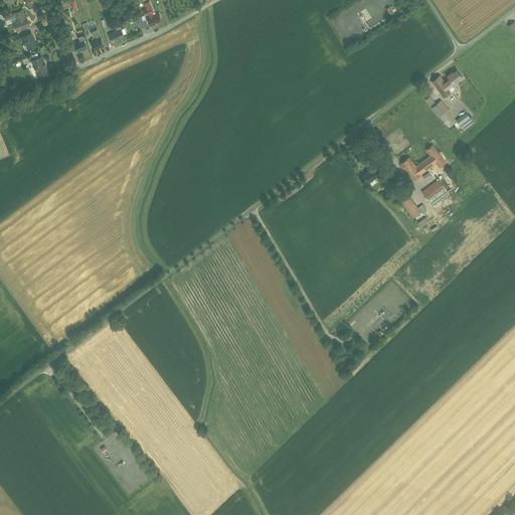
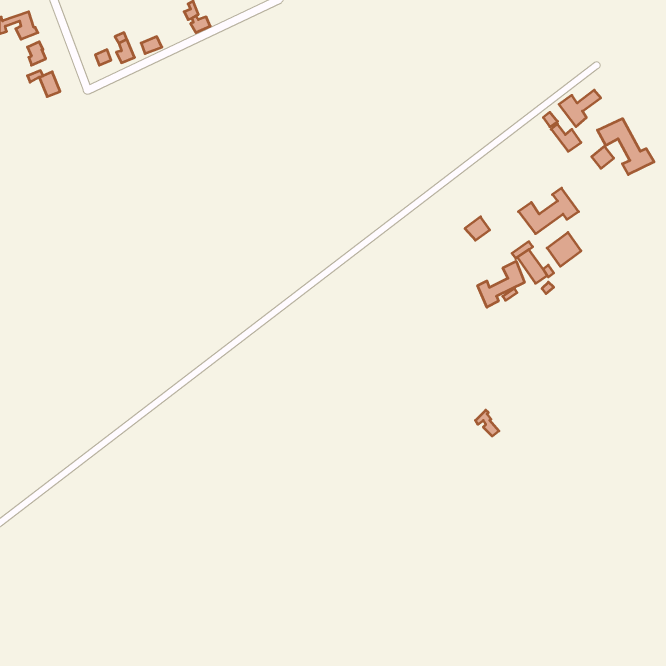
building: none -> [597,119,654,175]
building: none -> [478,261,524,307]

